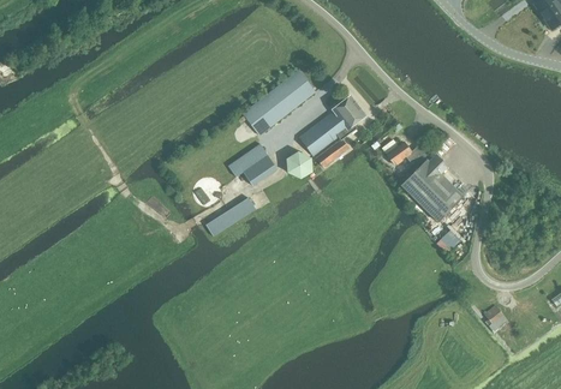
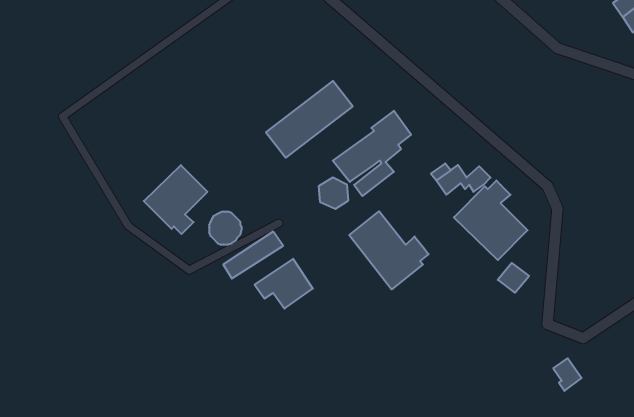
building: none -> [144,165,207,234]
building: [227,143,276,185] -> [255,259,313,309]
building: none -> [349,211,429,289]

